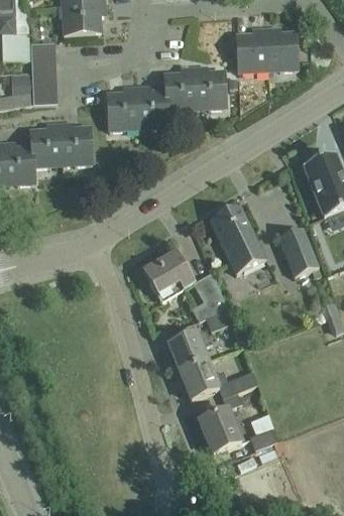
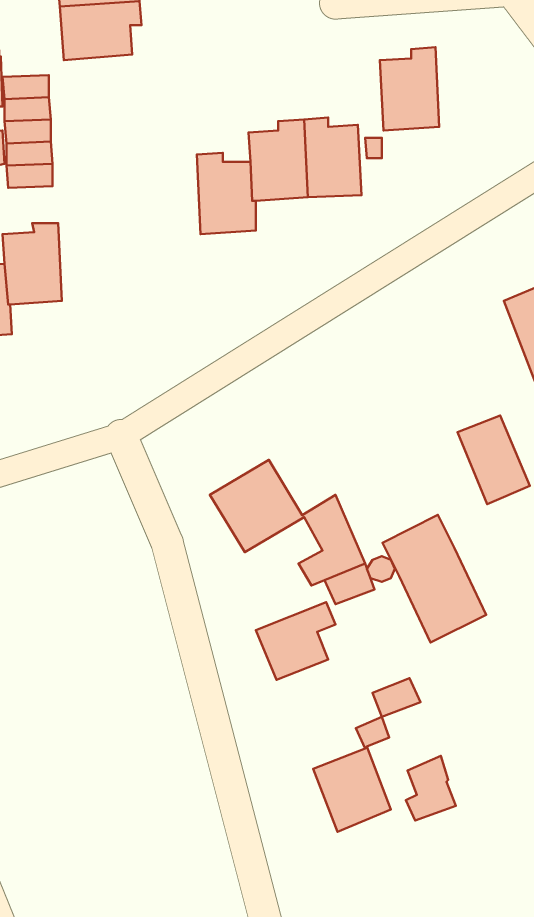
building: [265,26,298,70] -> none
building: [106,85,137,129] -> none
building: [60,121,92,164] -> none
building: [209,204,265,273] -> [382,515,486,643]
building: [179,360,229,399] -> none

